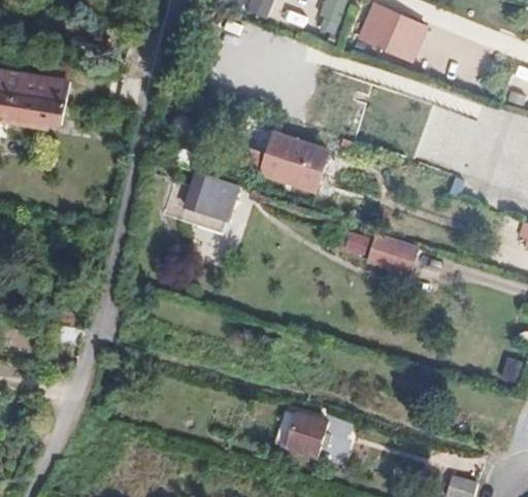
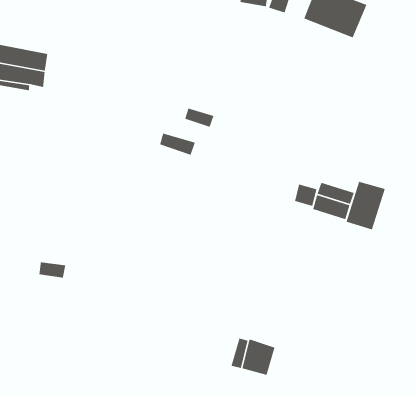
building: [264,136,329,187] -> none
building: [185,188,229,220] -> none
building: none -> [346,181,386,231]

